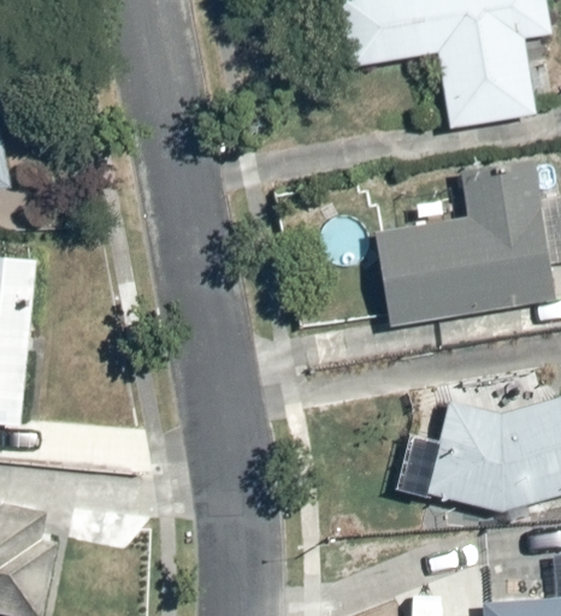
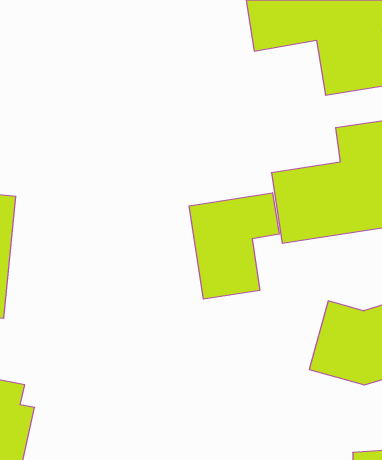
building: none -> [189,193,279,299]

